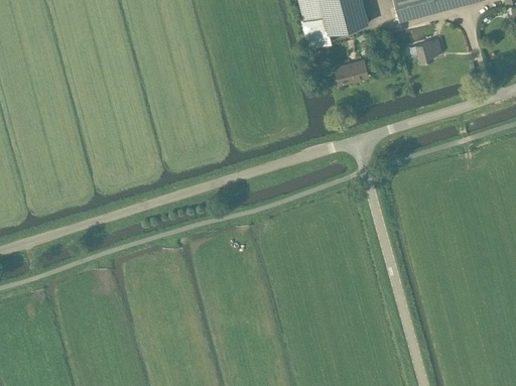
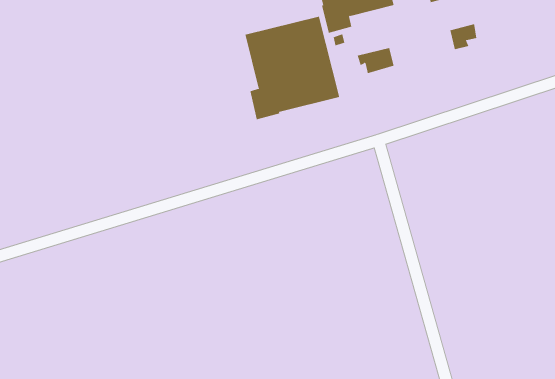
building: none -> [245,16,340,120]

